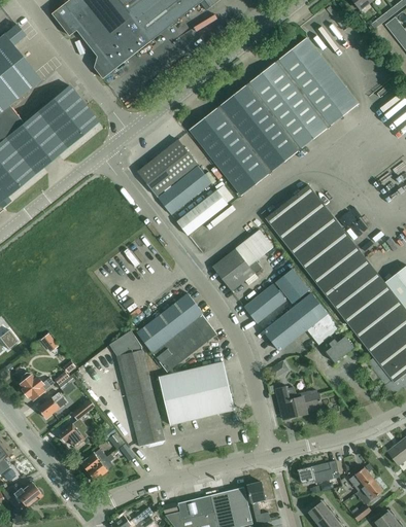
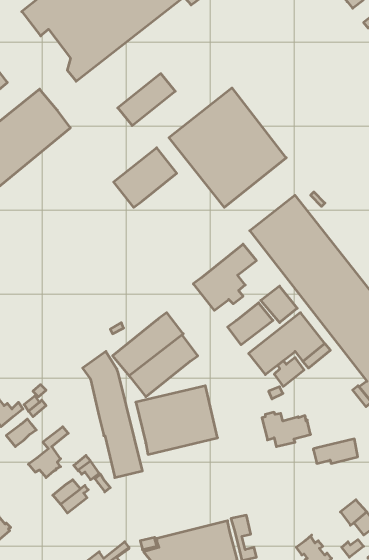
building: [248,38,358,149] -> none
building: [158,166,211,214] -> [118,74,175,126]
building: [177,186,233,236] -> none
building: [327,337,354,363] -> [274,358,304,386]
building: [298,460,339,483] -> [313,439,358,463]

